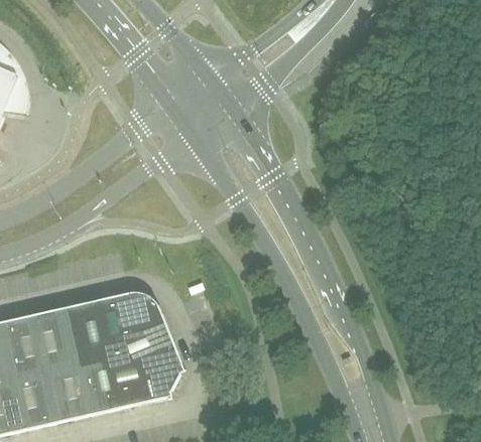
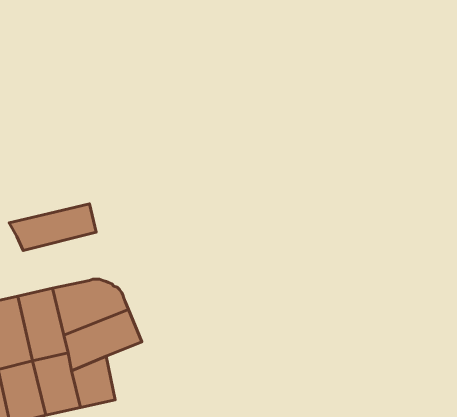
building: none -> [9,204,96,251]
building: [142,348,185,401] -> none

